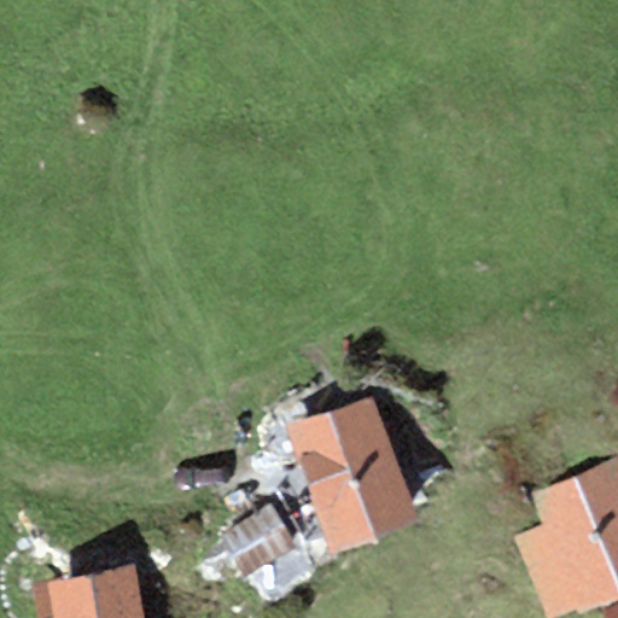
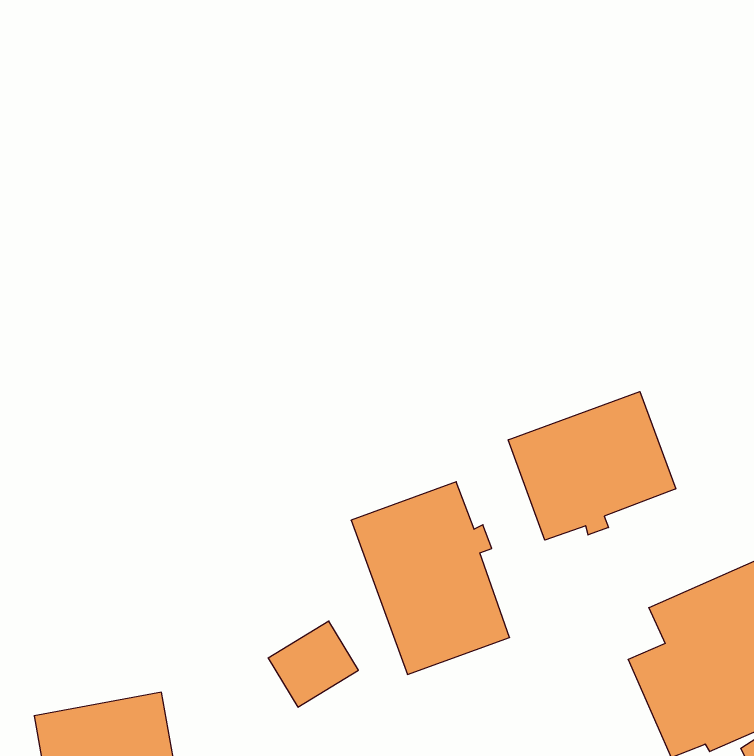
building: none -> [508,392,676,540]

